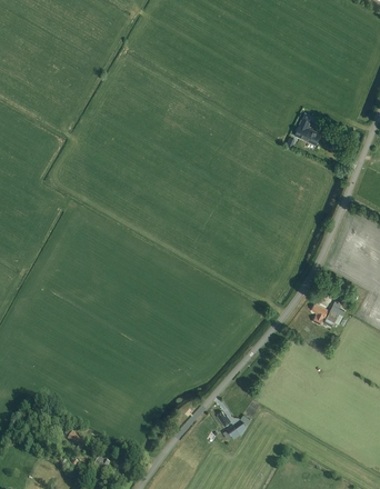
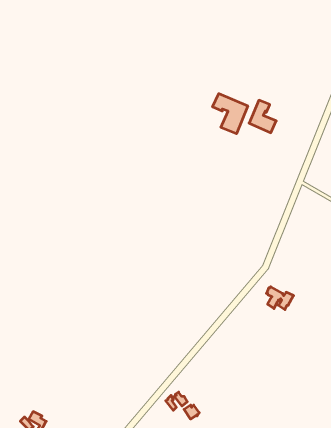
building: none -> [213,94,248,134]

